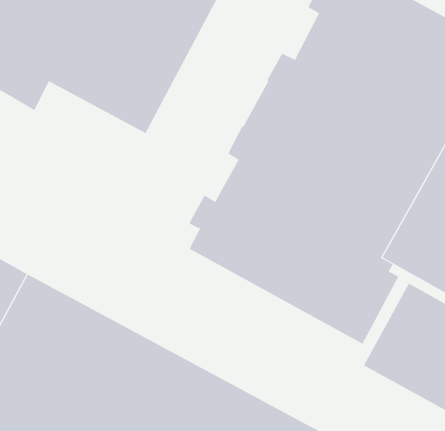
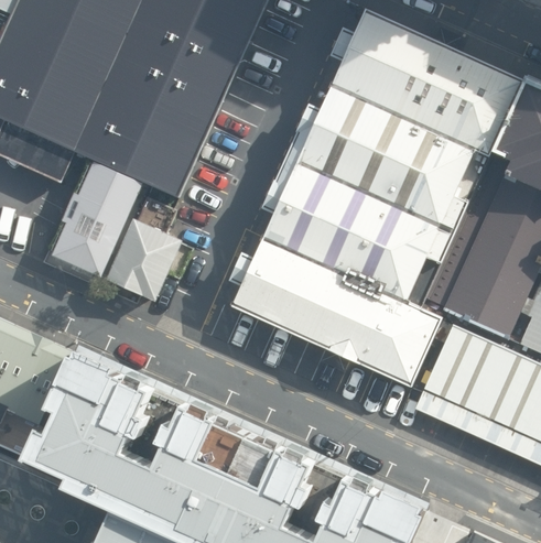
building: none -> [52,163,144,280]
building: none -> [107,221,184,304]

